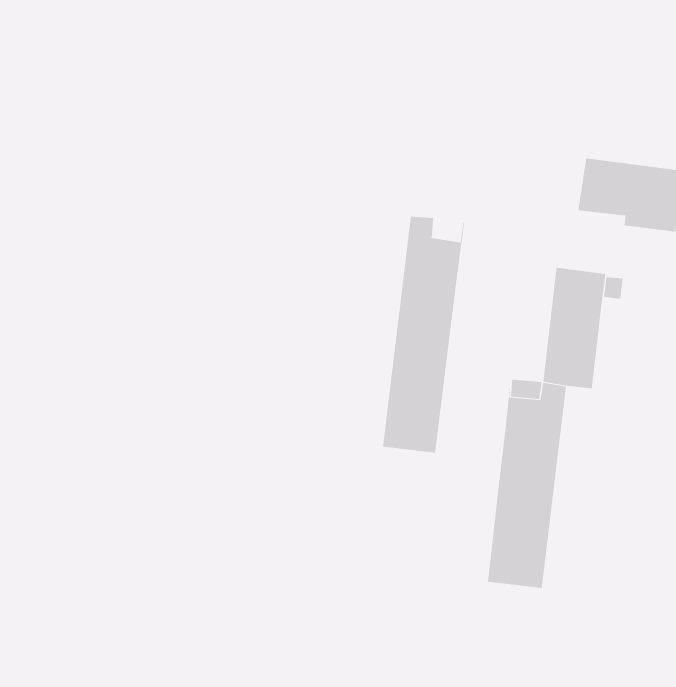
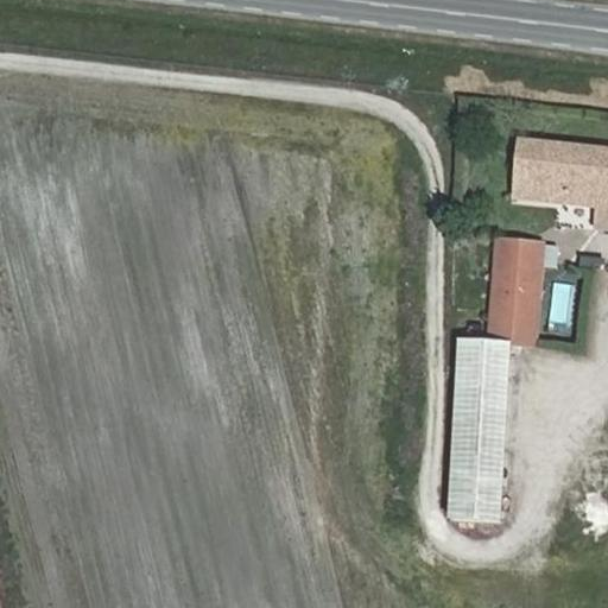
building: [383,216,465,453] -> none

